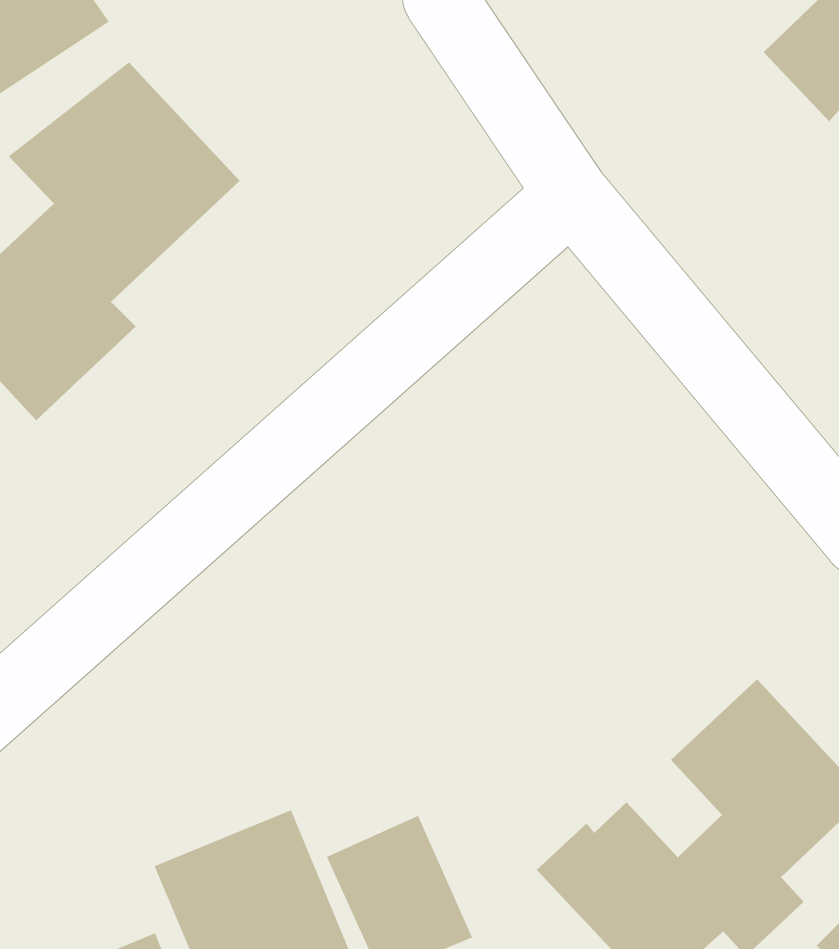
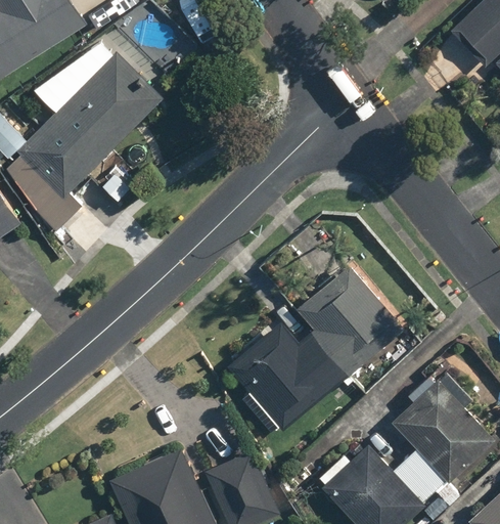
building: none -> [224,262,404,435]

